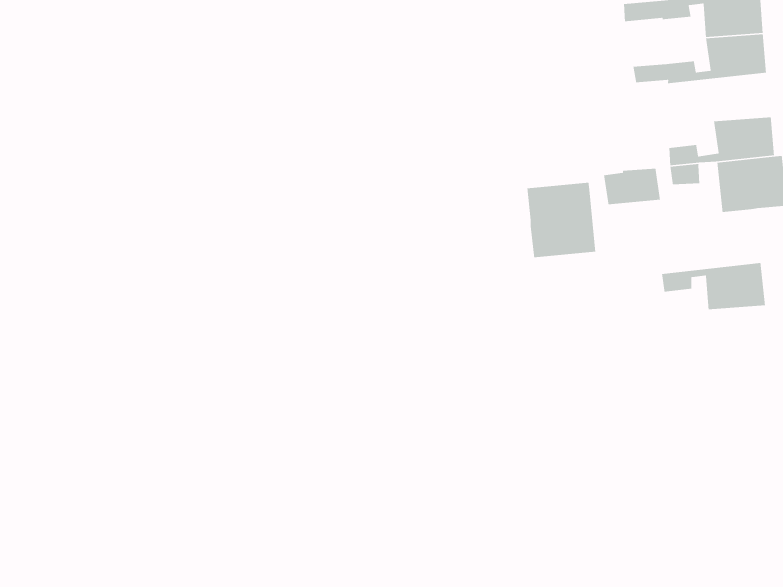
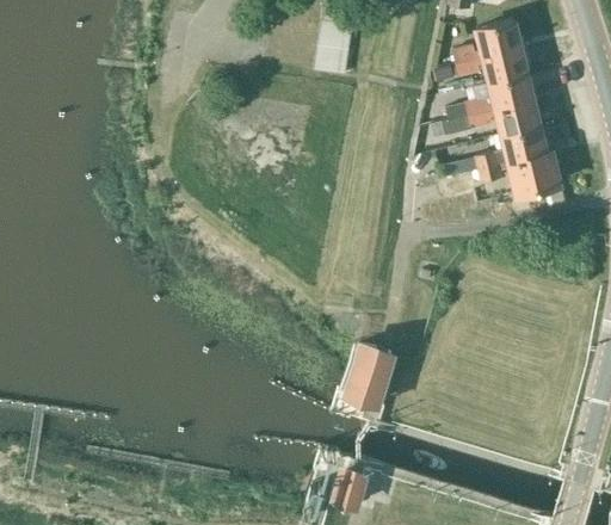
building: [526,182,596,258] -> none
building: [661,262,766,310] -> [470,100,541,136]
building: none -> [347,345,393,404]

